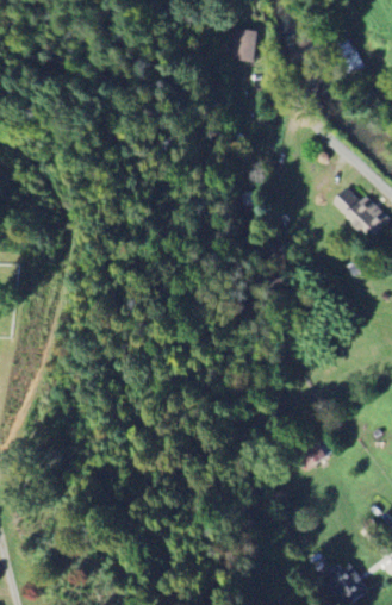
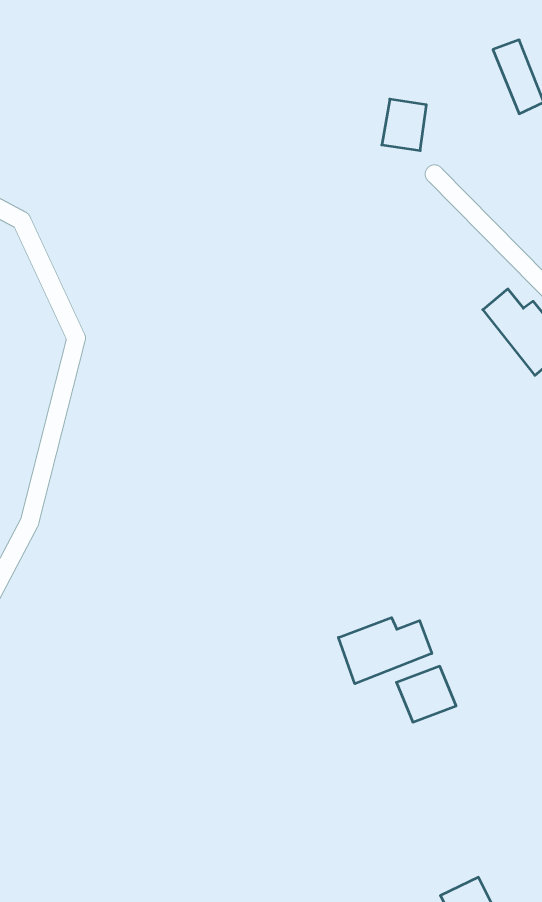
building: [224,29,251,61] -> [382,99,426,151]
building: none -> [338,618,432,684]

